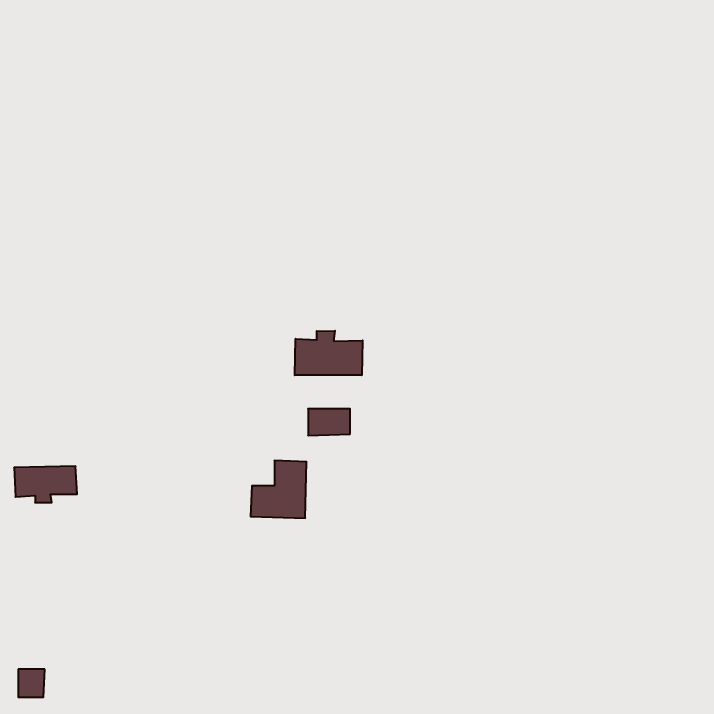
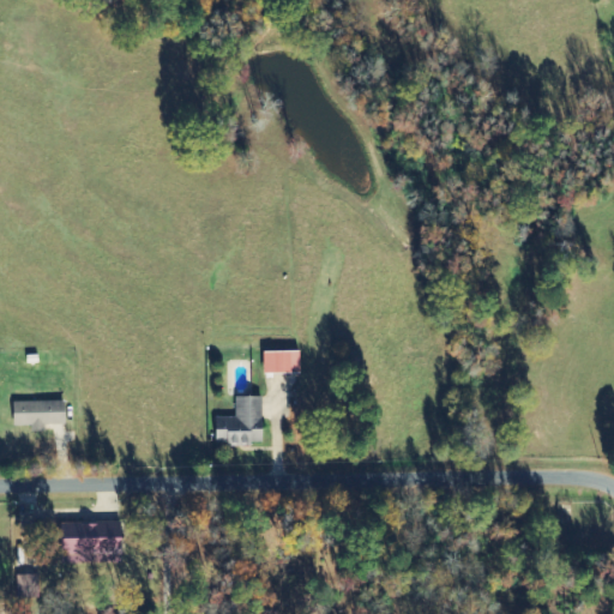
building: [295,331,363,375] -> none
building: none -> [61,520,125,564]

